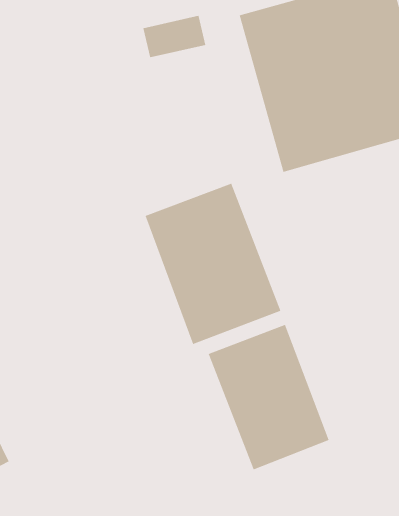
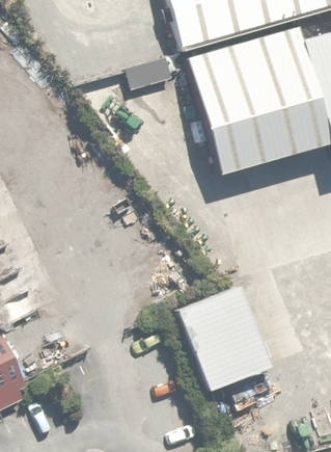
building: [145,183,281,345] -> none

